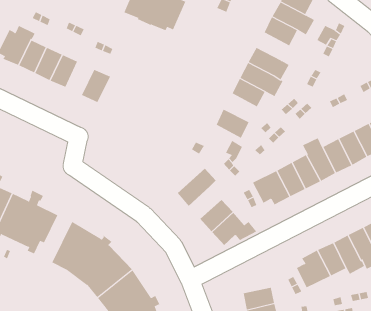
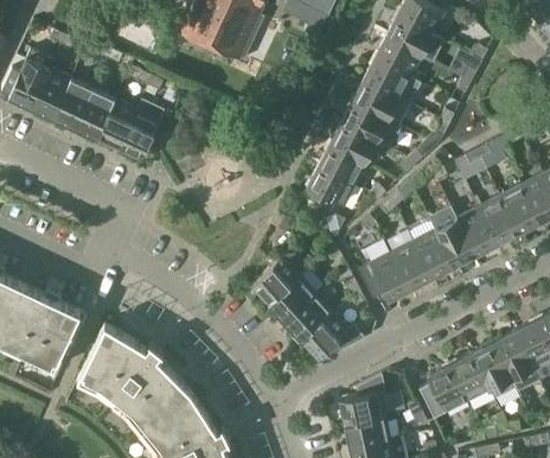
building: none -> [363,61,420,106]
building: none -> [96,101,135,148]
building: none -> [316,146,364,186]
building: none -> [268,276,314,322]
building: none -> [339,376,384,426]

